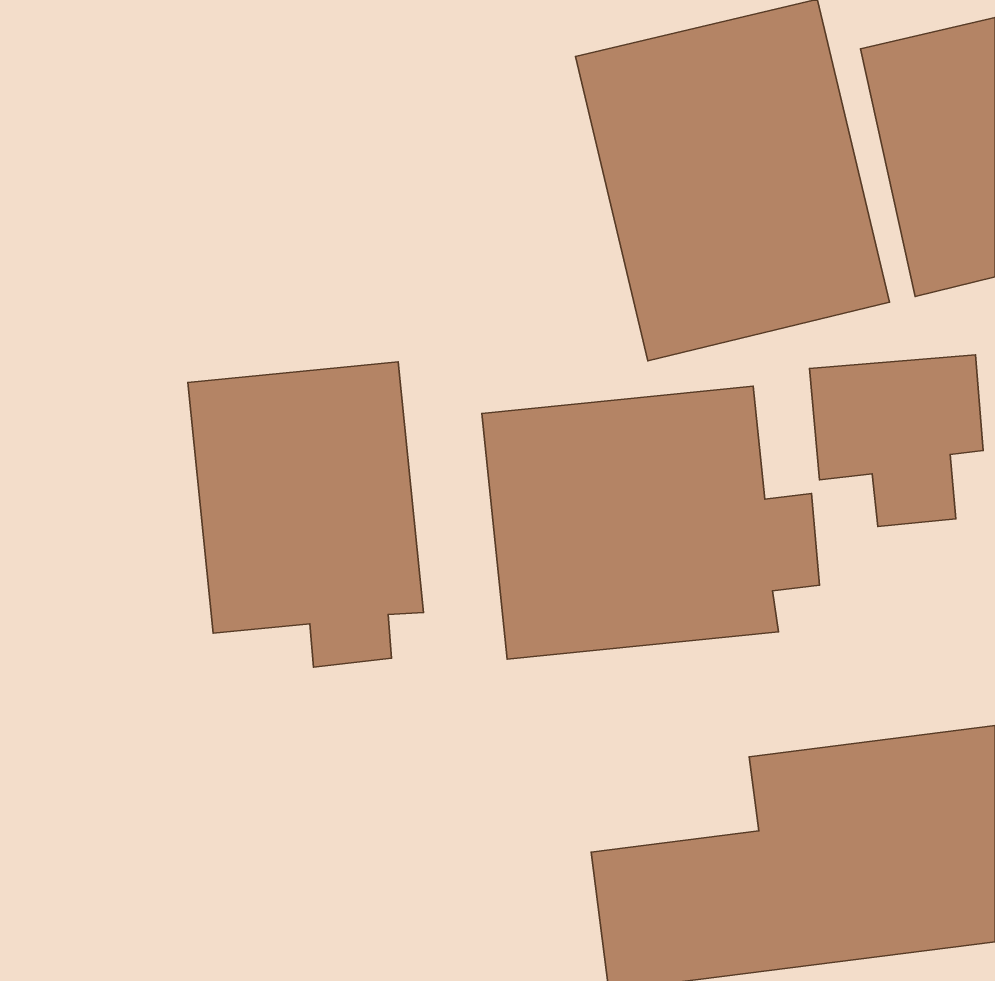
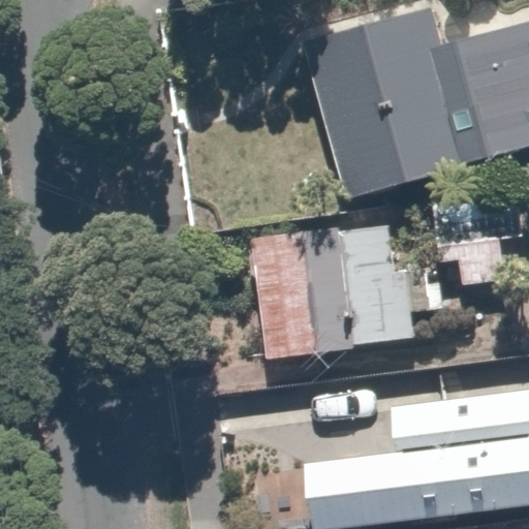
building: [188,362,423,667] -> none

